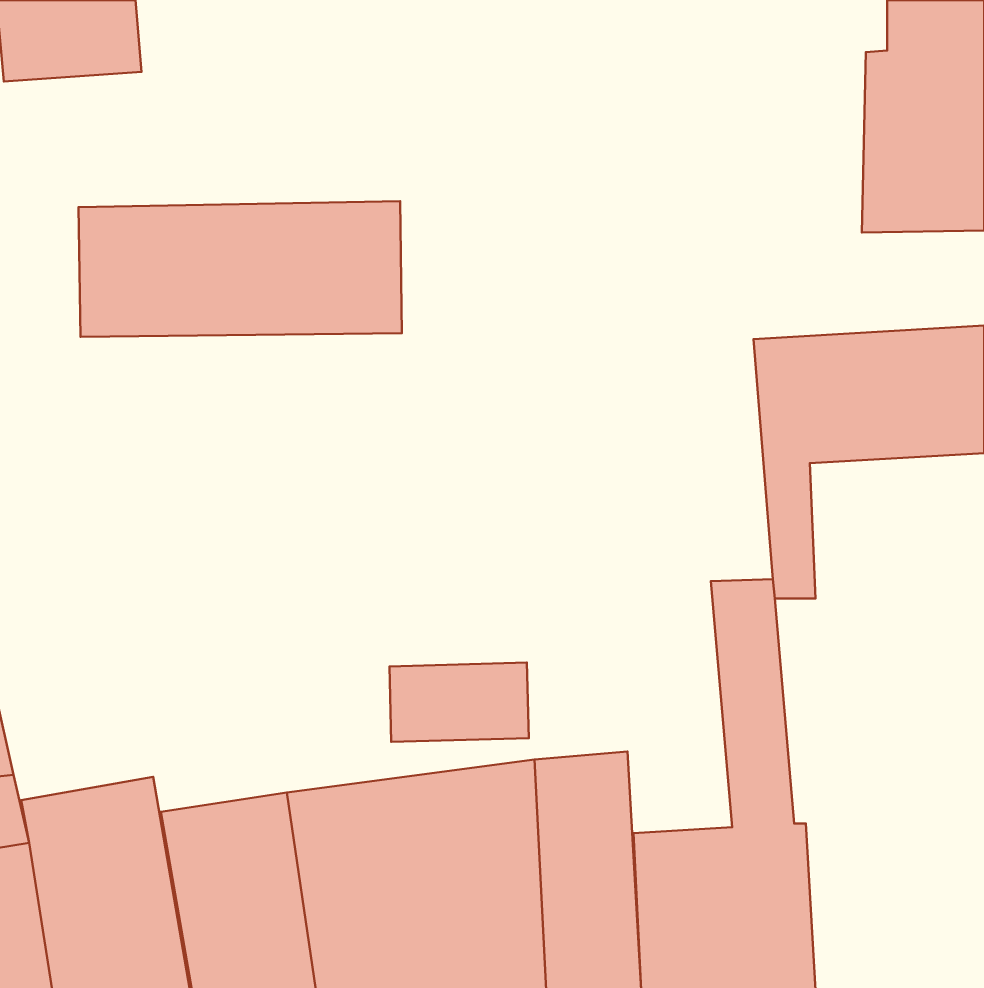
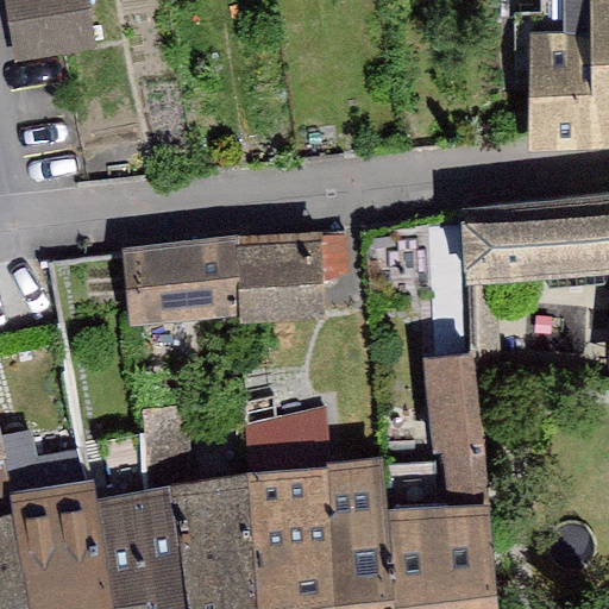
building: [79,201,402,337] -> [106,234,304,318]

